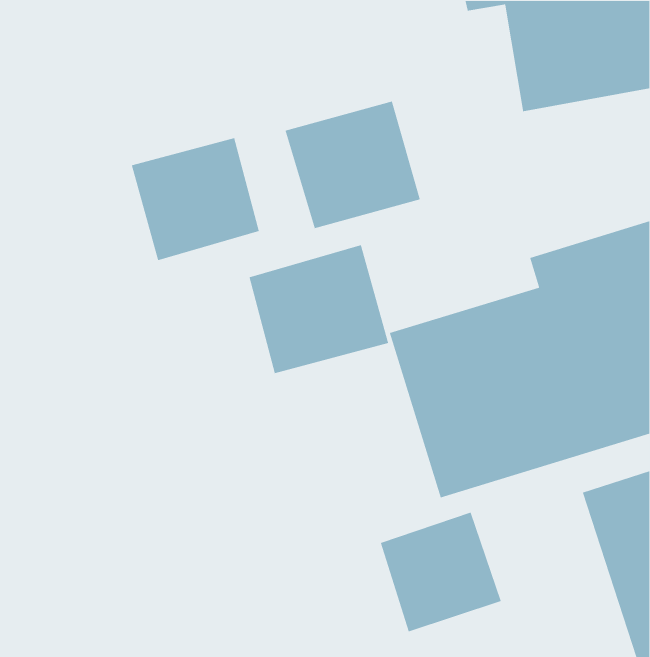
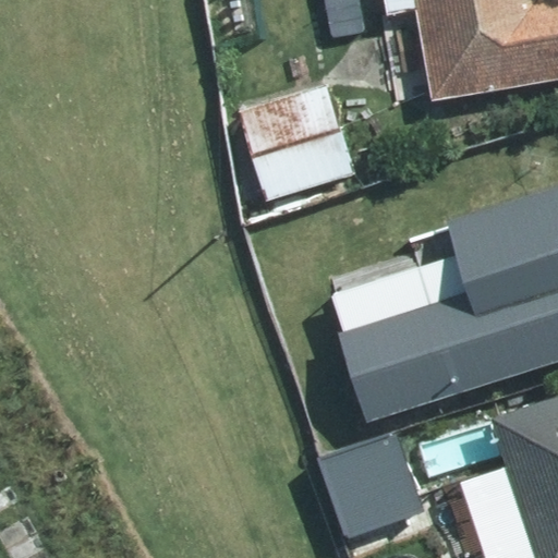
building: [131,137,260,261] -> none
building: [248,244,389,374] -> none

